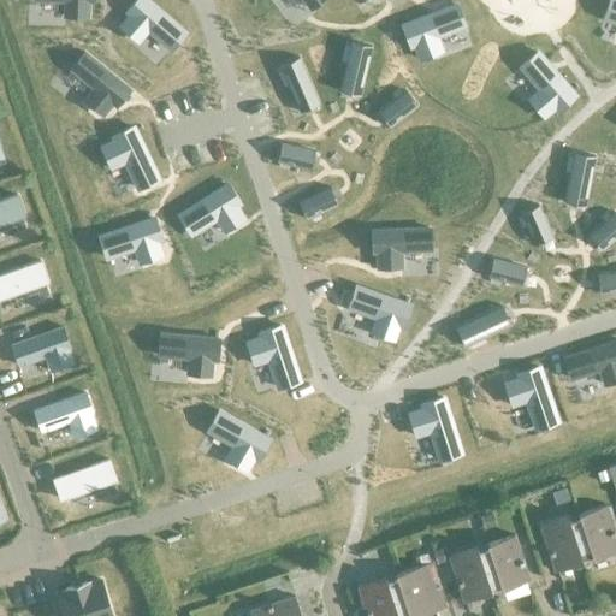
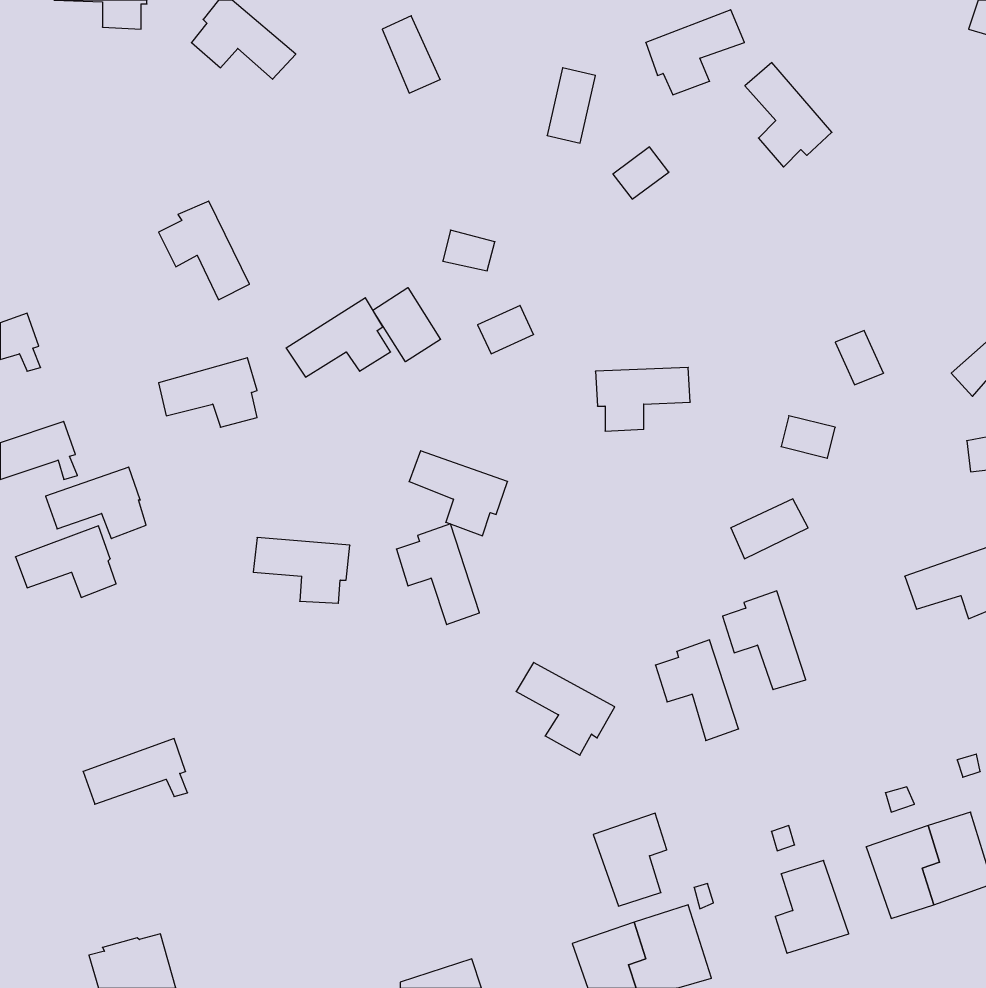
building: [71,53,130,116] -> none
building: [521,53,575,118] -> [745,63,832,167]
building: [280,58,316,106] -> [382,16,440,93]
building: [567,153,596,200] -> none
building: none -> [373,288,441,362]
building: [349,288,410,340] -> [409,451,508,536]
building: [505,367,557,428] -> [723,591,806,690]
building: [34,393,96,438] -> [46,467,146,539]
building: [208,413,270,470] -> [516,662,615,755]
building: [449,544,494,602] -> [593,813,667,906]

